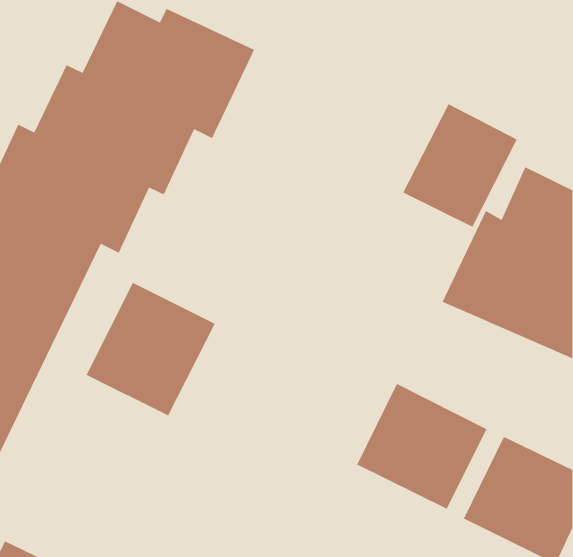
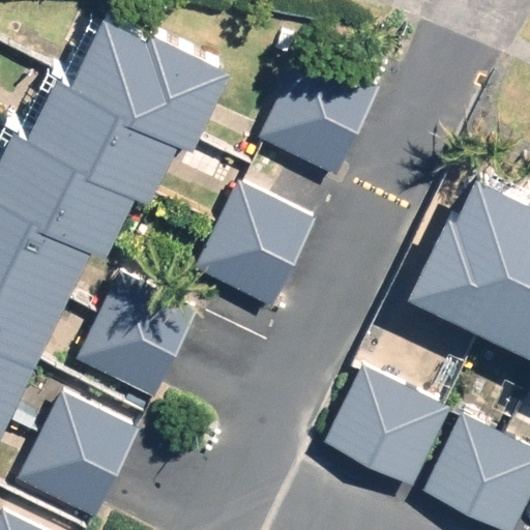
building: [402,103,518,228] -> [260,58,366,173]
building: none -> [196,185,304,303]
building: none -> [21,395,138,518]

